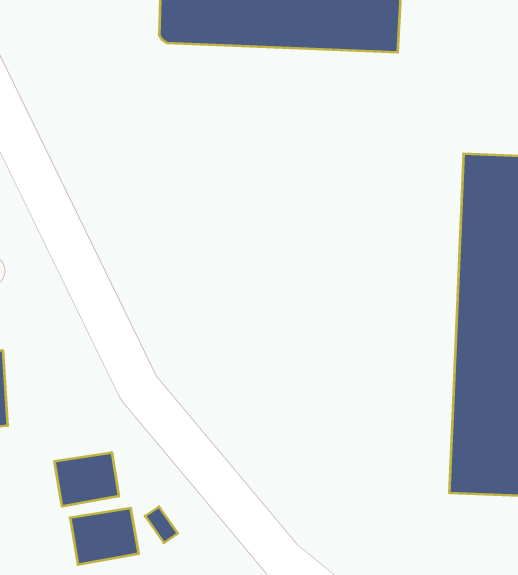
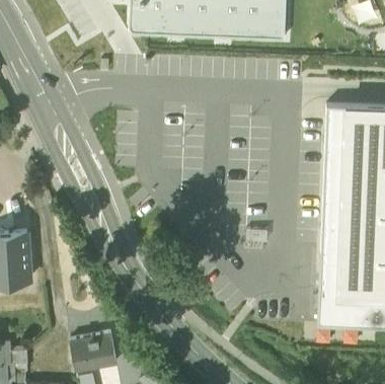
building: [55,452,119,506] -> none

